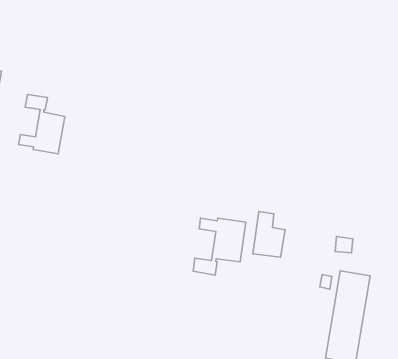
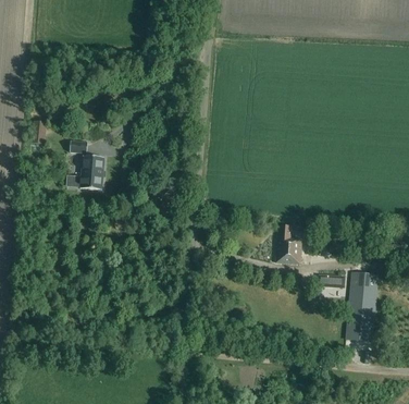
building: [193,218,246,275] -> none

